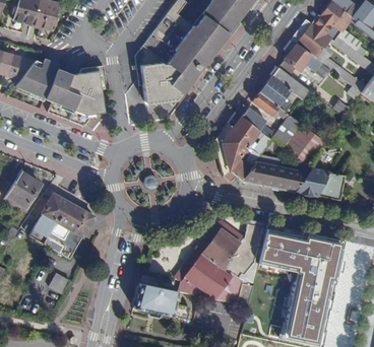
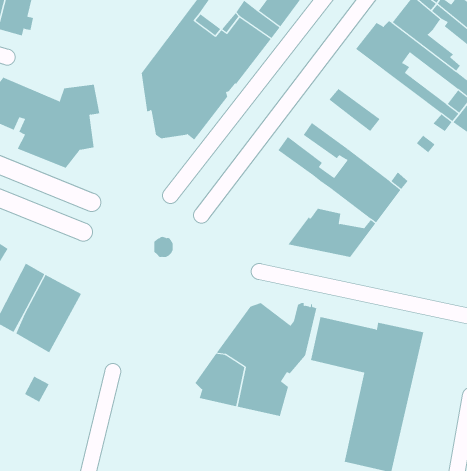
building: [280,39,331,77] -> none
building: [259,75,292,111] -> none
building: [214,112,272,181] -> none
building: [288,164,347,200] -> none
building: [133,282,189,318] -> none

